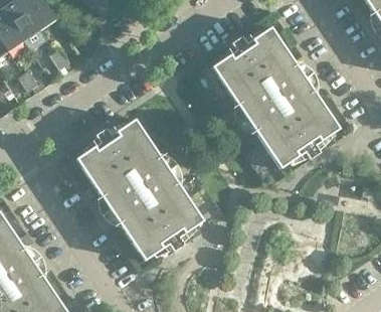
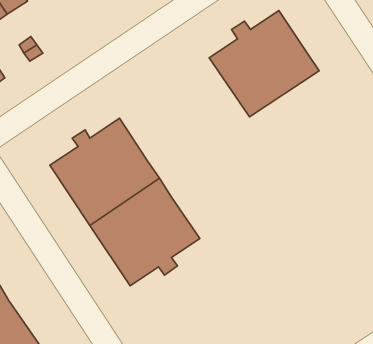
building: [246,77,340,168] -> none

